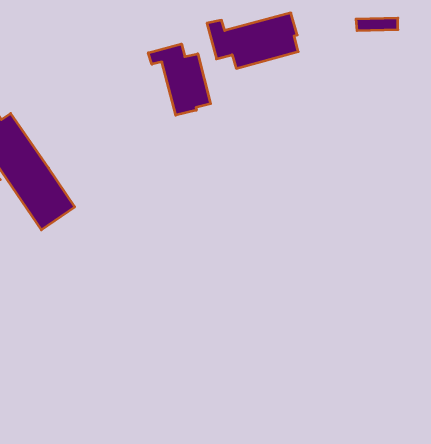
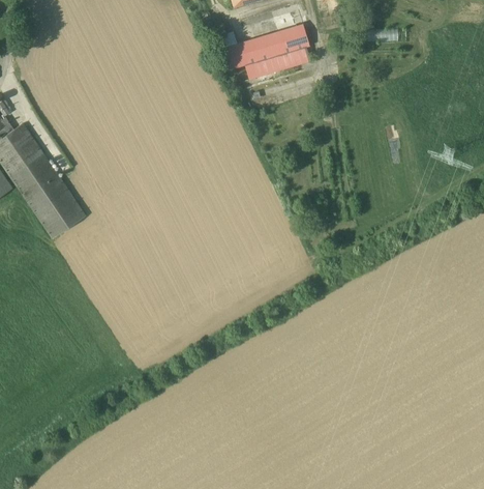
building: [148,44,211,115] -> none

